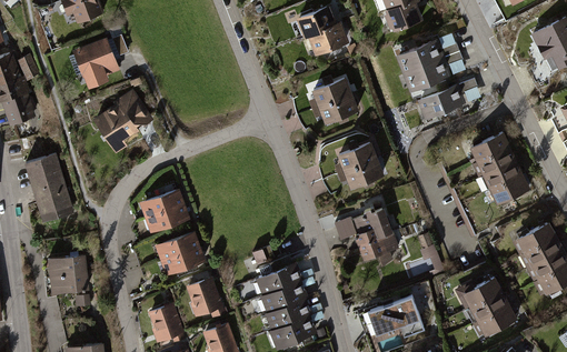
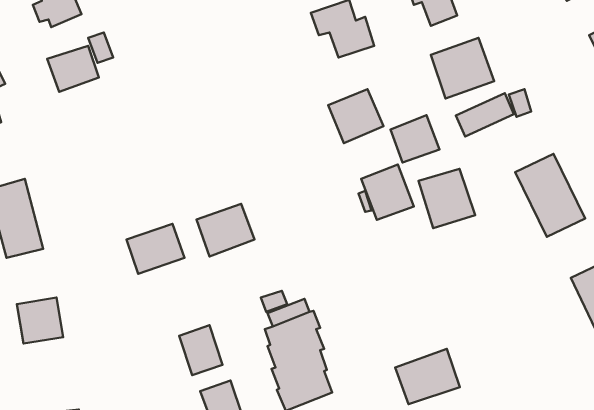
building: [93,93,145,152] -> none
building: none -> [390,115,439,163]
building: [350,208,398,258] -> [419,169,475,228]
building: [156,234,205,279] -> [196,204,254,257]
building: [462,274,517,334] -> none
building: [148,305,182,343] -> none

